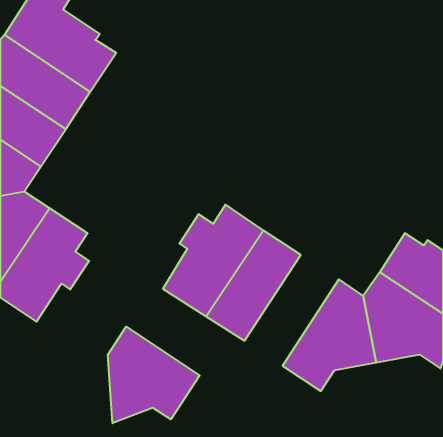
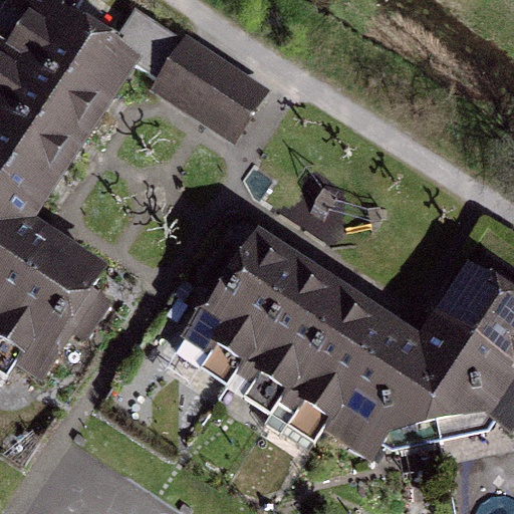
building: none -> [110,7,265,140]
building: none -> [266,295,393,450]
building: [108,327,200,423] -> none

